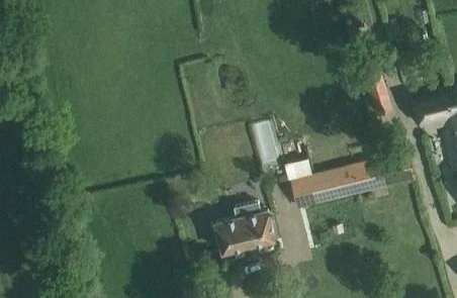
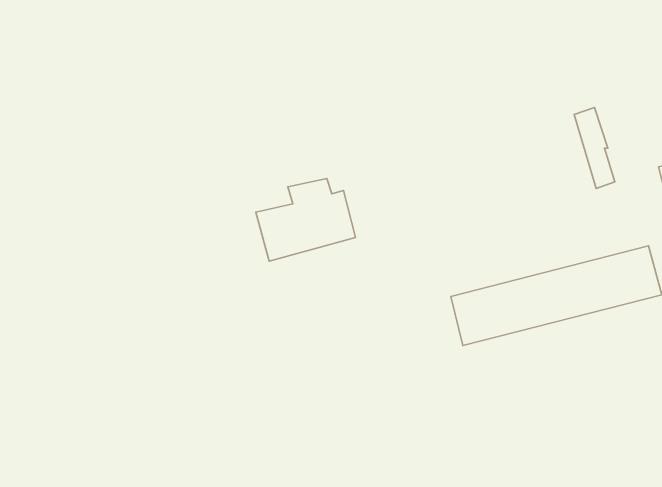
building: [213,204,273,254] -> [256,179,355,261]

